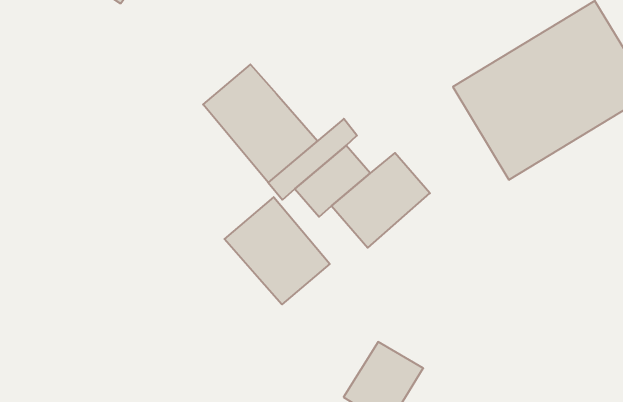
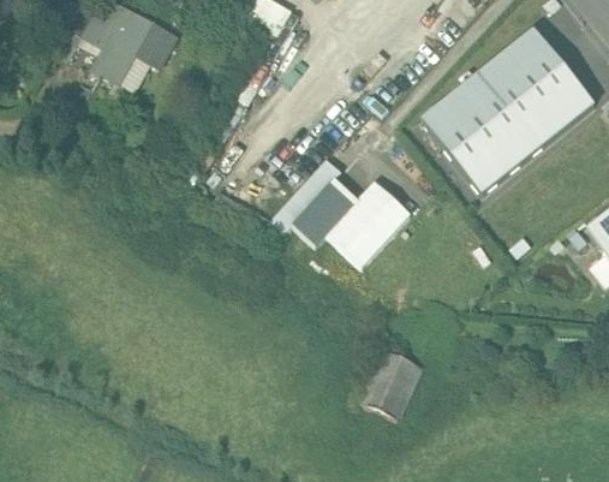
building: [203,64,317,182] -> none
building: [224,197,330,304] -> none

